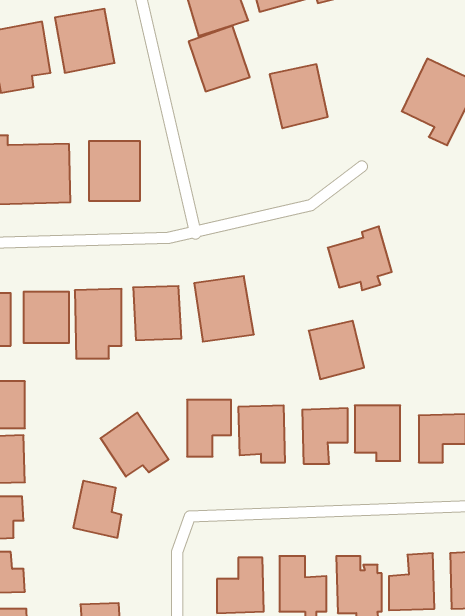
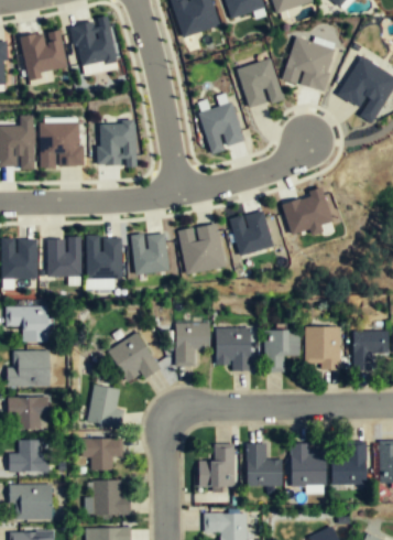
building: [189,26,250,91] -> [198,102,245,153]
building: none -> [284,37,336,91]
building: [309,321,364,379] -> [231,212,274,257]
building: none -> [80,435,122,469]

